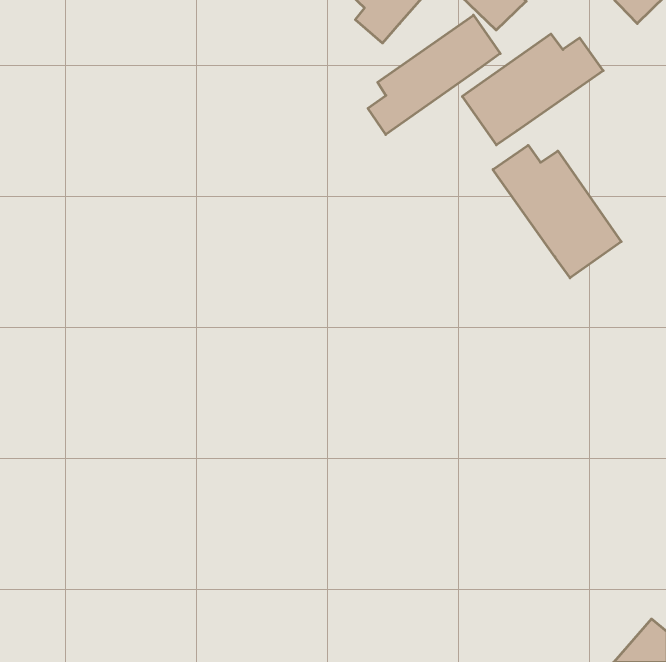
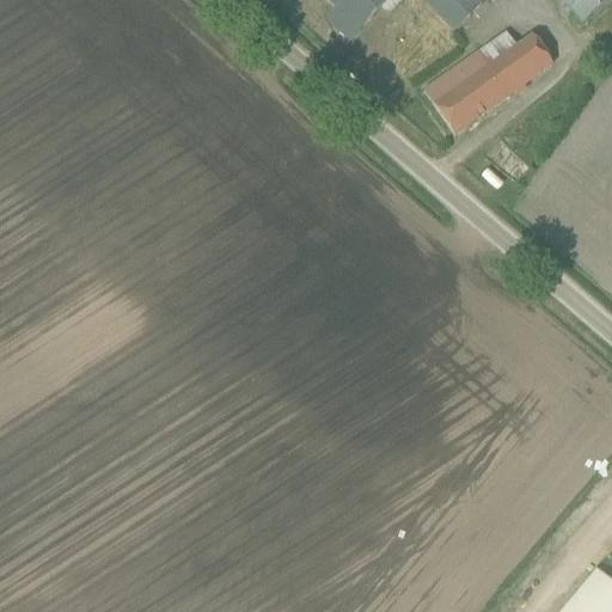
building: [368,15,500,135] -> none
building: [493,145,621,278] -> none

